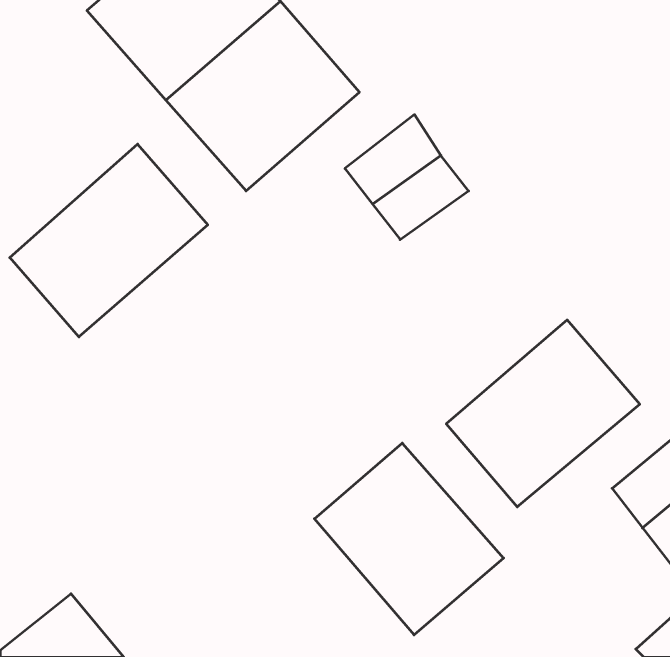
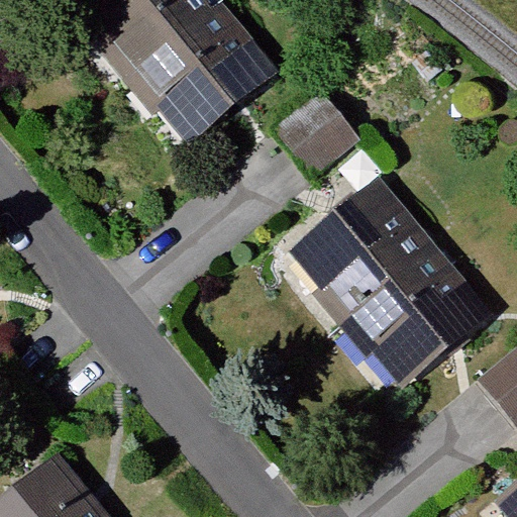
building: [10,144,208,337] -> none
building: none -> [285,177,437,325]
building: [314,443,504,635] -> none

